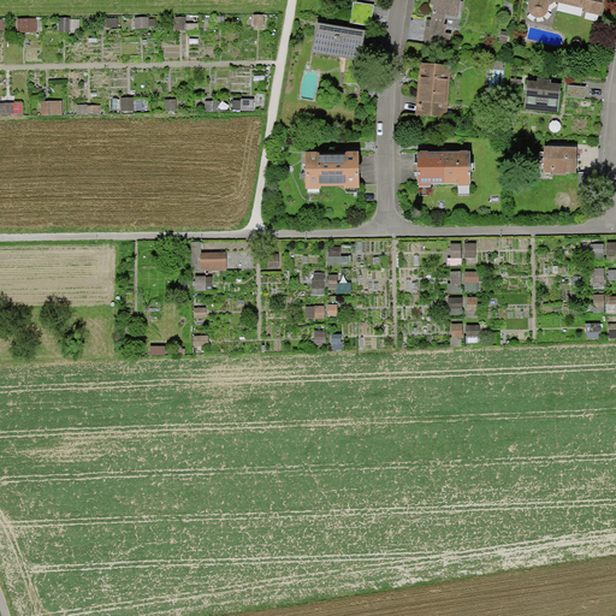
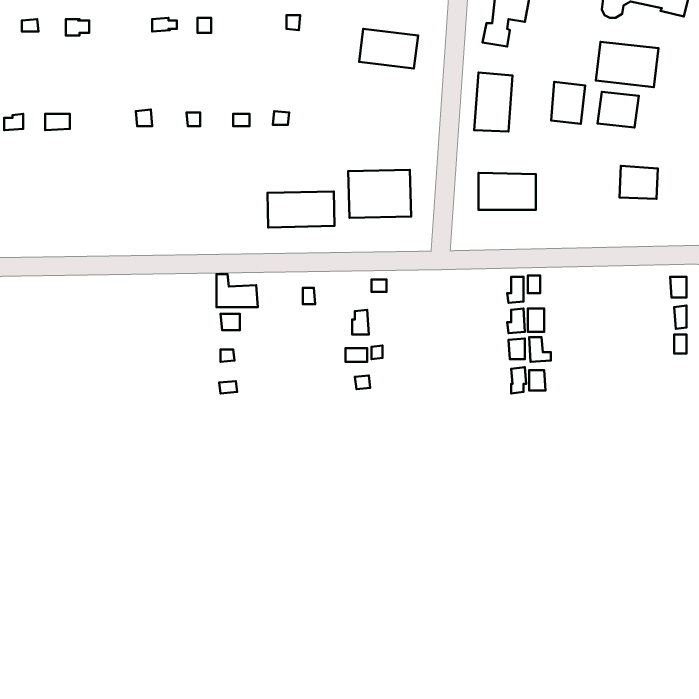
building: none -> [596,42,659,87]
building: none -> [551,82,585,124]
building: none -> [267,192,334,227]

